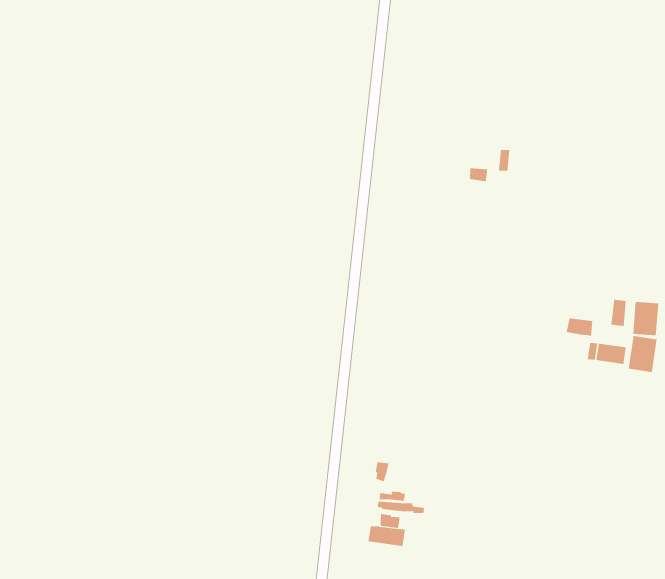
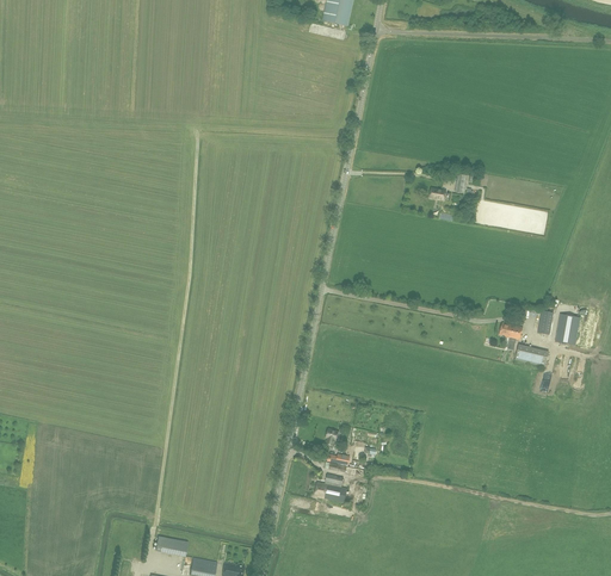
building: [628,335,657,373] -> none

